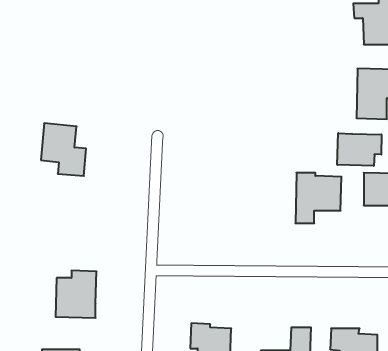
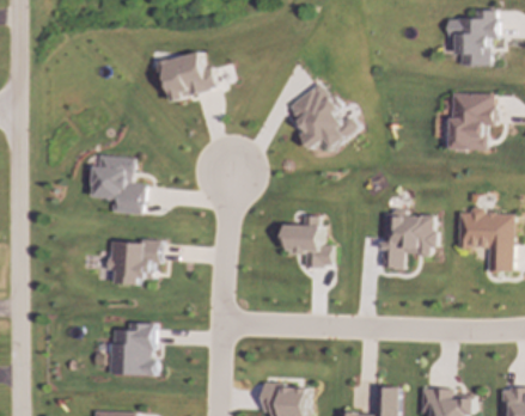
building: none -> [155,50,216,99]
building: none -> [287,82,359,149]
building: [337,133,381,166] -> none
building: none -> [283,224,331,267]
building: none -> [106,240,160,285]

